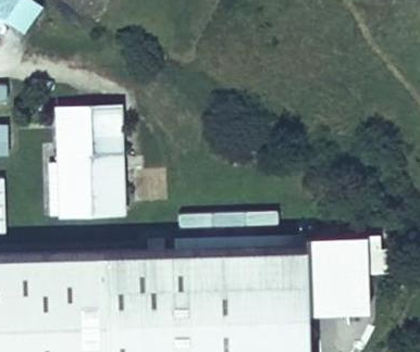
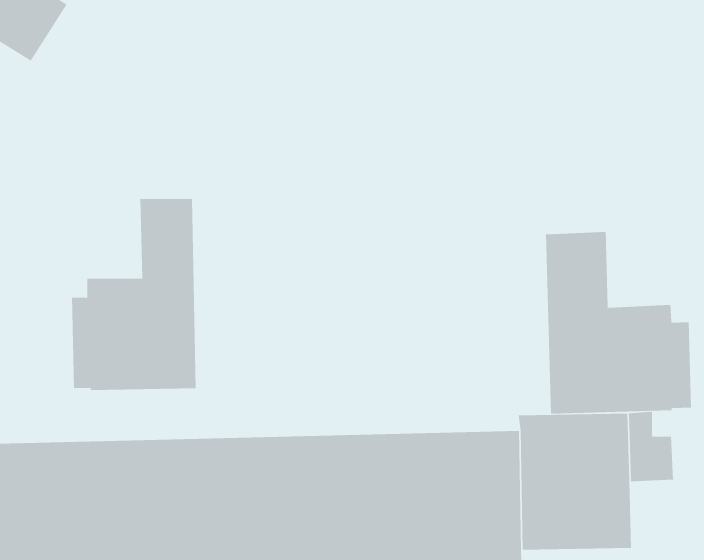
building: [58,114,90,160] -> none
building: none -> [546,231,692,414]

